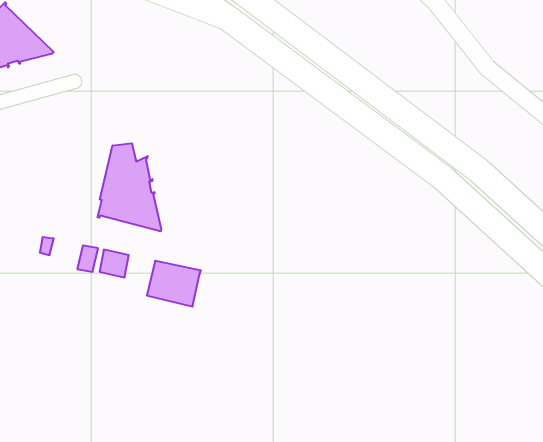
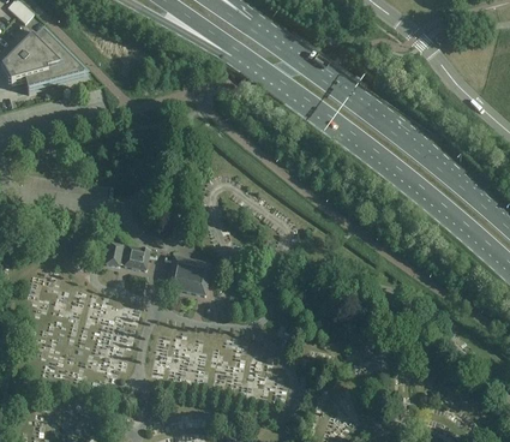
building: [98,143,161,231] -> none

